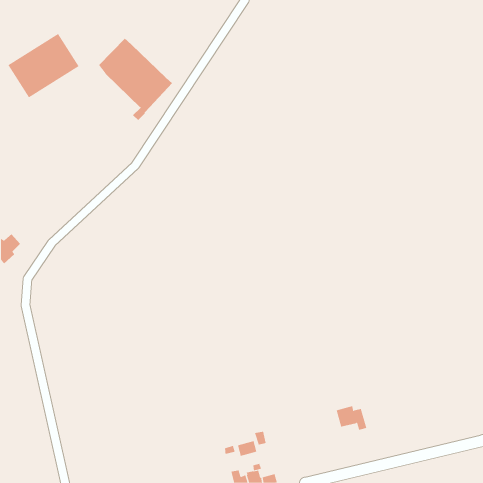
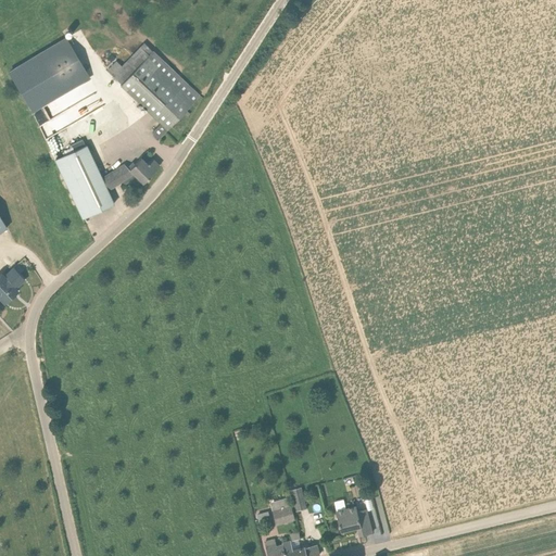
building: none -> [54,144,160,218]
building: [336,406,367,431] -> [337,506,372,535]

